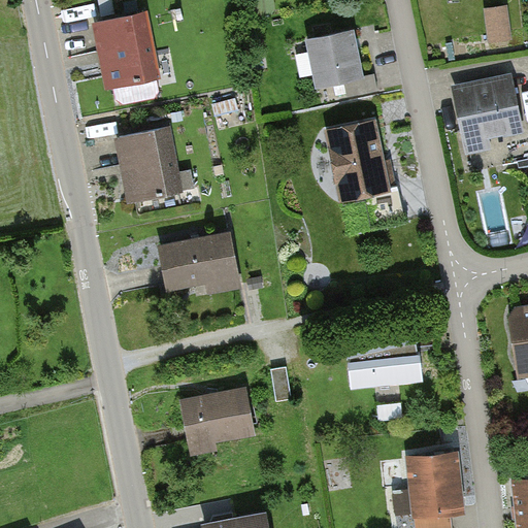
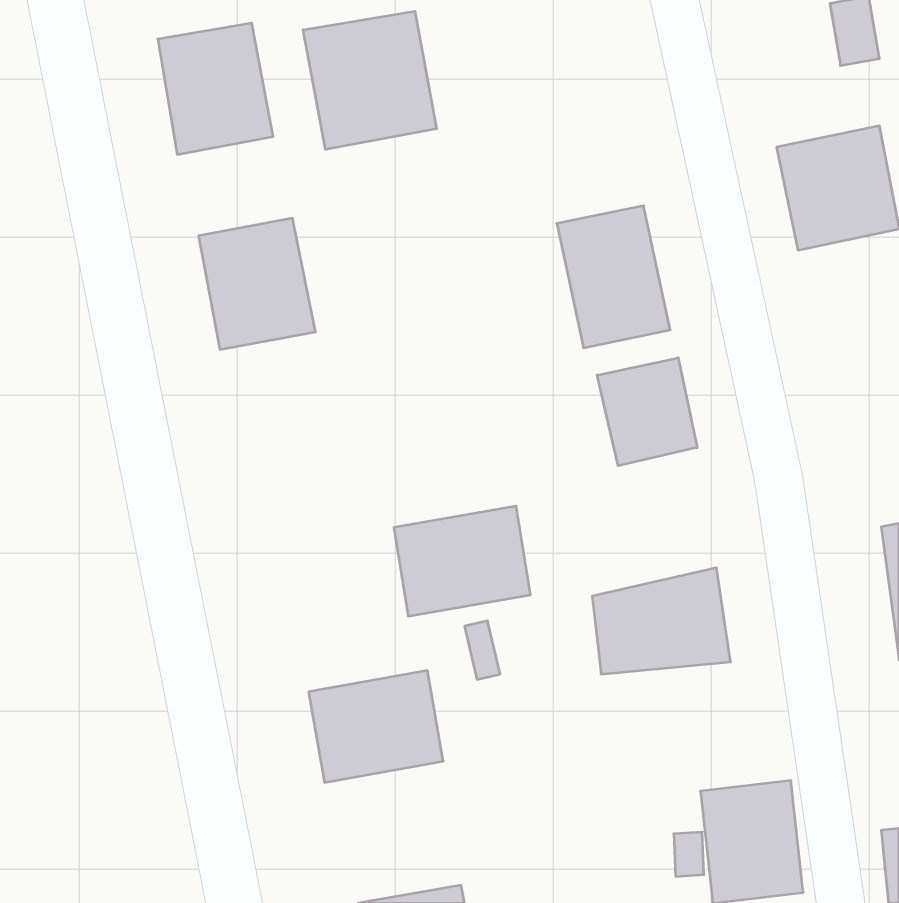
building: none -> [303,11,437,149]
building: [305,29,363,90] -> none
building: none -> [597,358,697,466]
building: [161,233,240,297] -> [394,506,530,616]

